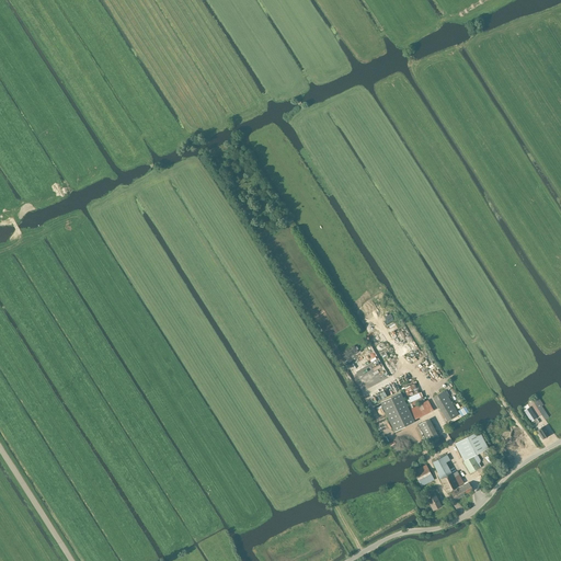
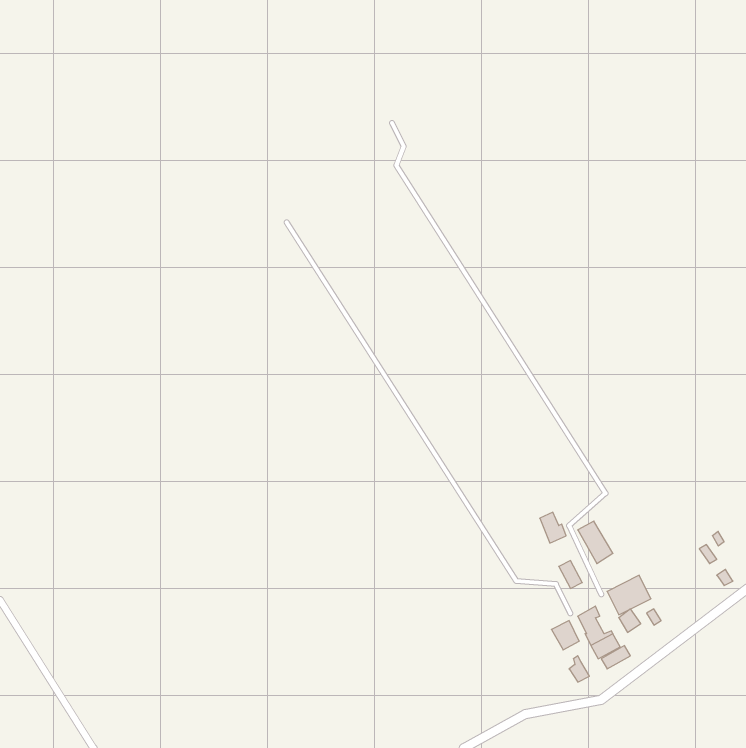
building: [381,393,416,433] -> none

